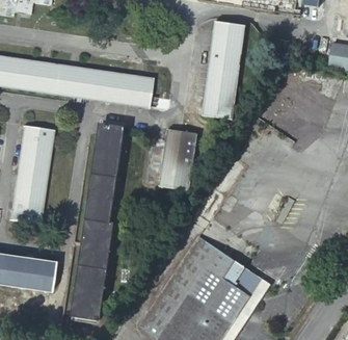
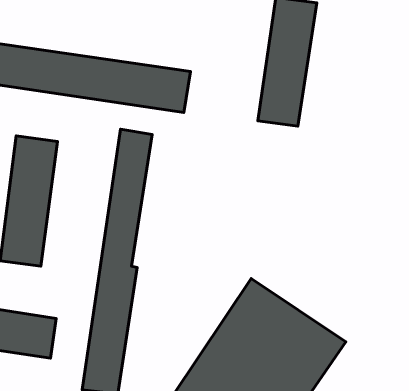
building: [158,131,197,192] -> none

